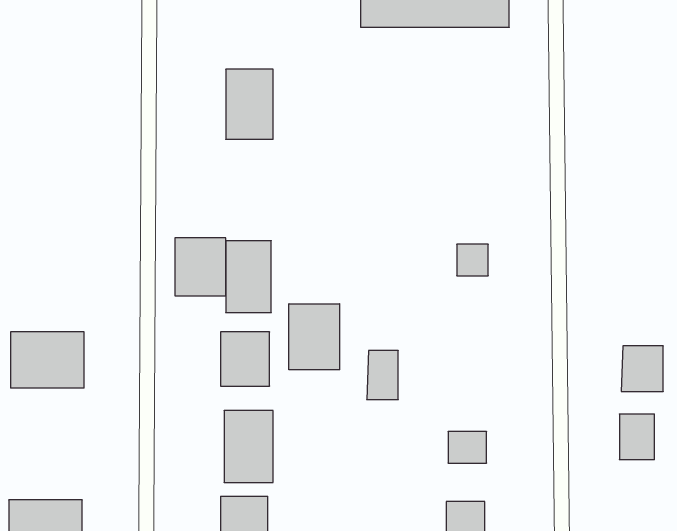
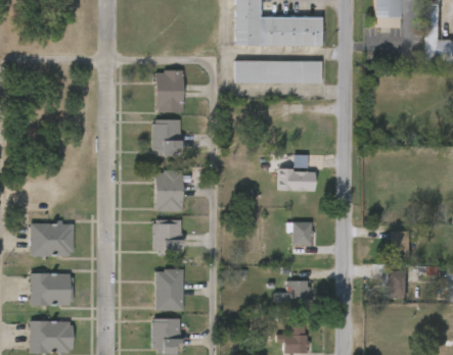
building: none -> [233,60,321,84]
building: [175,238,226,296] -> [152,121,182,155]
building: [289,304,340,370] -> none
building: [367,351,398,400] -> [289,225,308,254]
building: none -> [31,272,72,304]

